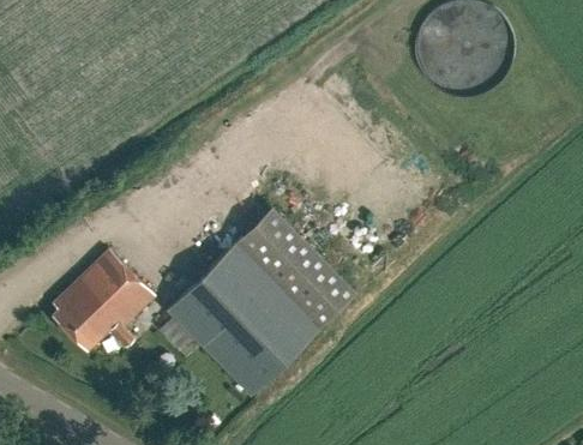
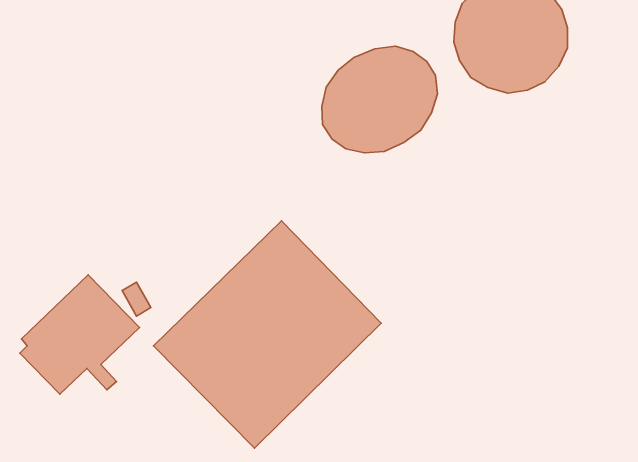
building: none -> [322,46,437,153]

